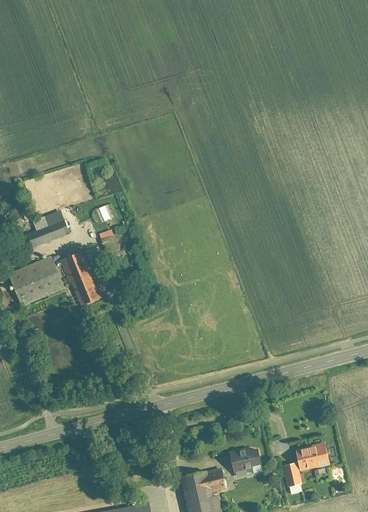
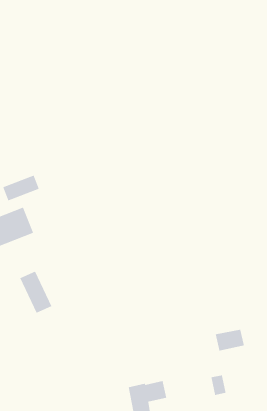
building: [62,250,103,303] -> [19,271,53,314]
building: [294,444,331,472] -> [215,329,245,352]
building: [227,447,263,475] -> none

